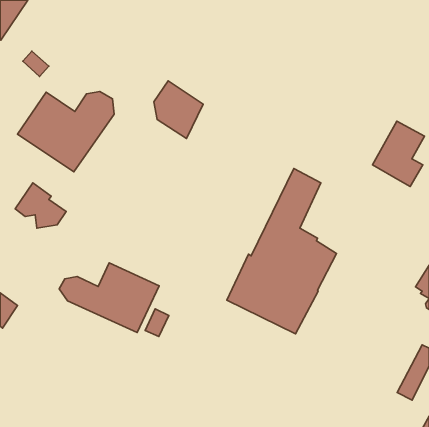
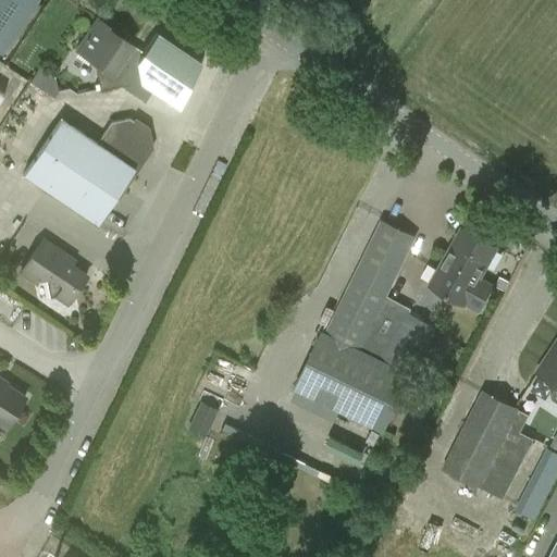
building: none -> [76,22,133,90]
building: [154,81,203,139] -> [137,35,201,110]
building: [372,121,424,187] -> [430,230,497,314]
building: [59,263,159,332] -> none
building: none -> [443,391,534,499]

